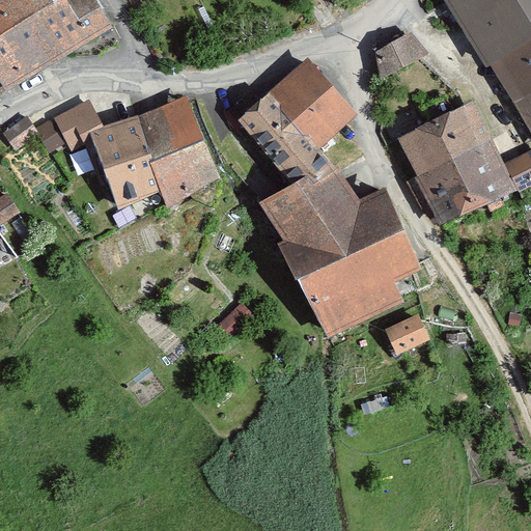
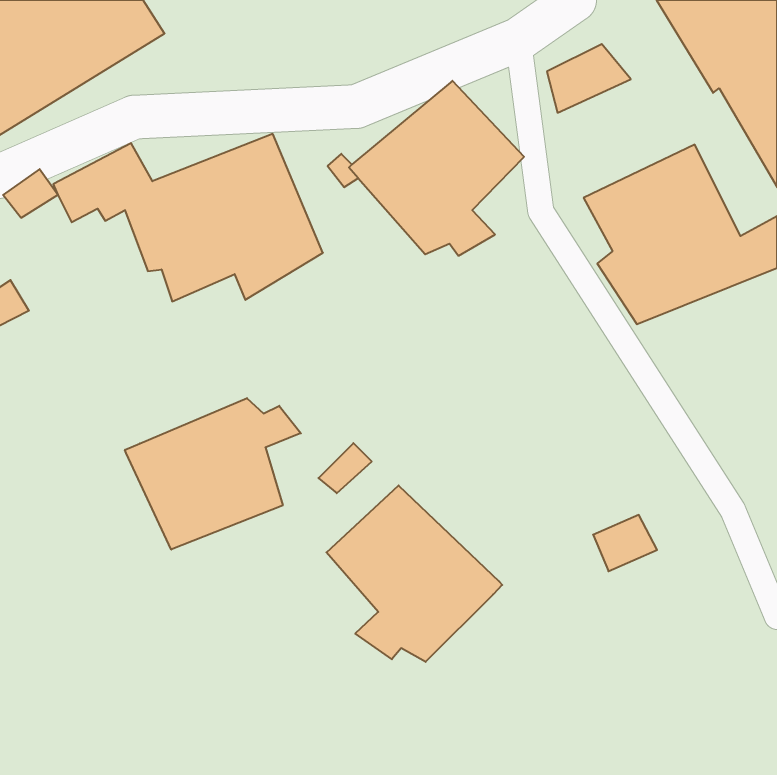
building: [258,162,422,334] -> none
building: none -> [125,398,301,550]
building: [386,314,429,353] -> [593,515,657,571]
building: none -> [326,485,502,662]

